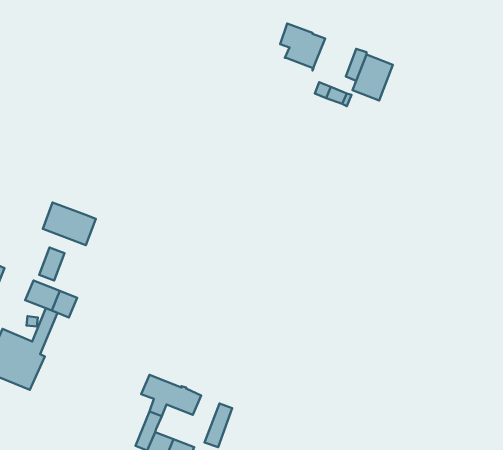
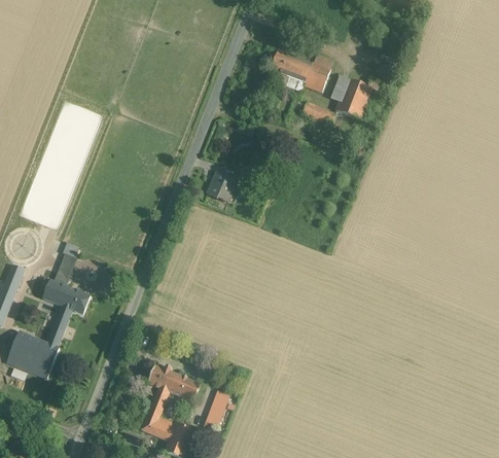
building: none -> [304,64,331,92]
building: none -> [208,166,243,200]
building: [43,202,96,245] -> none

